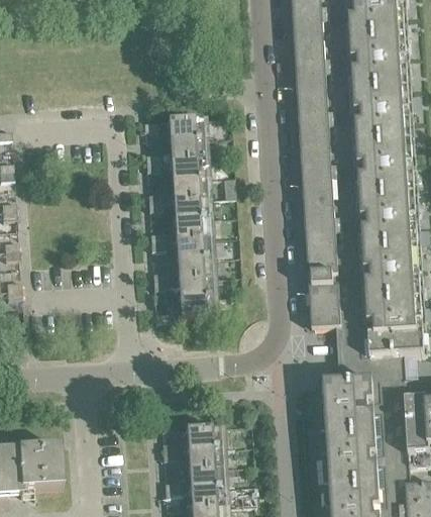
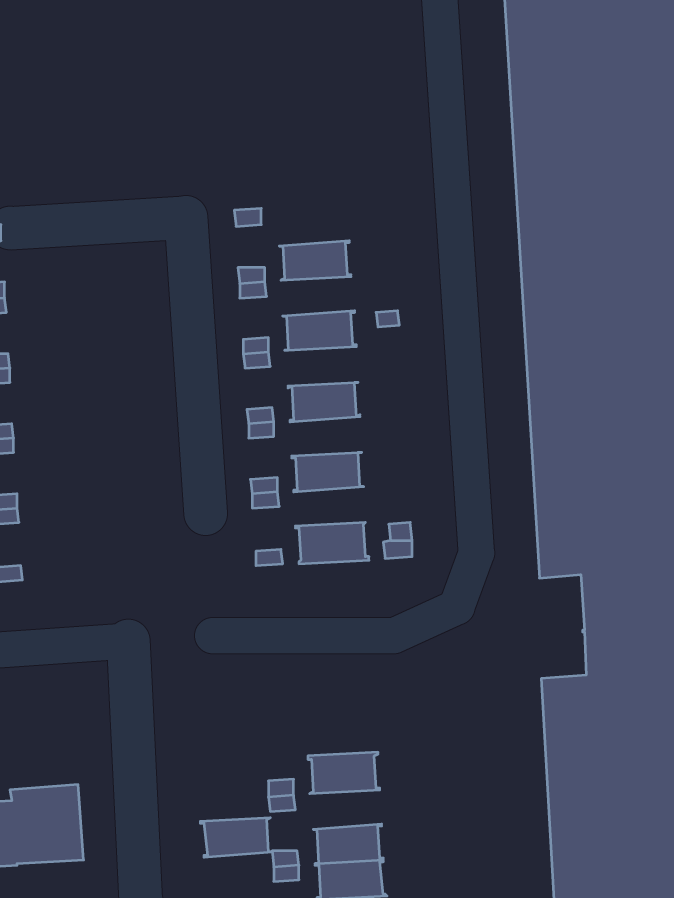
building: [167,115,207,139] -> none
building: [169,157,210,179] -> none
building: [171,196,212,218] -> none
building: [174,235,214,257] -> none
building: [176,275,216,297] -> none
building: [185,445,225,468] -> [200,818,272,857]

